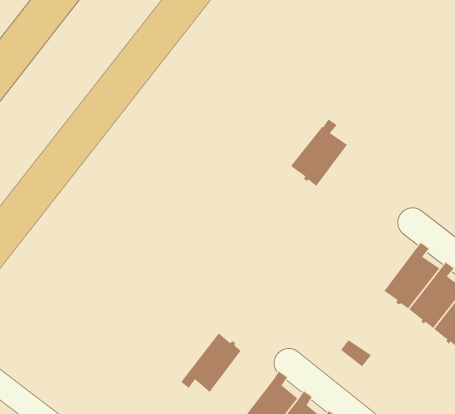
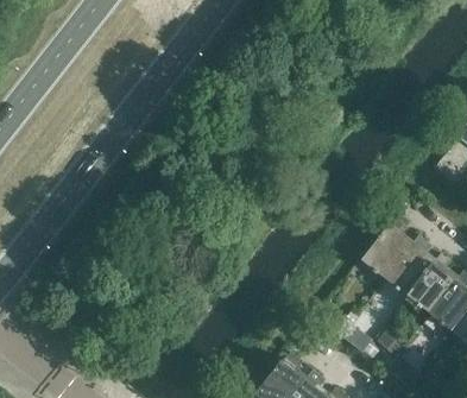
building: [290,119,348,187] -> [360,216,412,278]
building: [181,333,241,393] -> none

